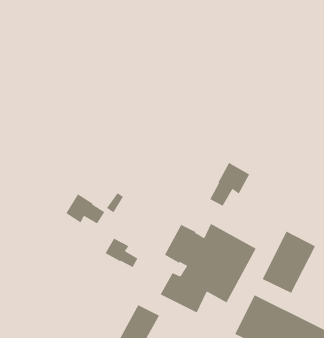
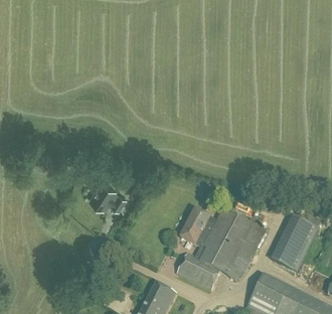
building: [210,162,250,207] -> none
building: [105,238,138,268] -> none

